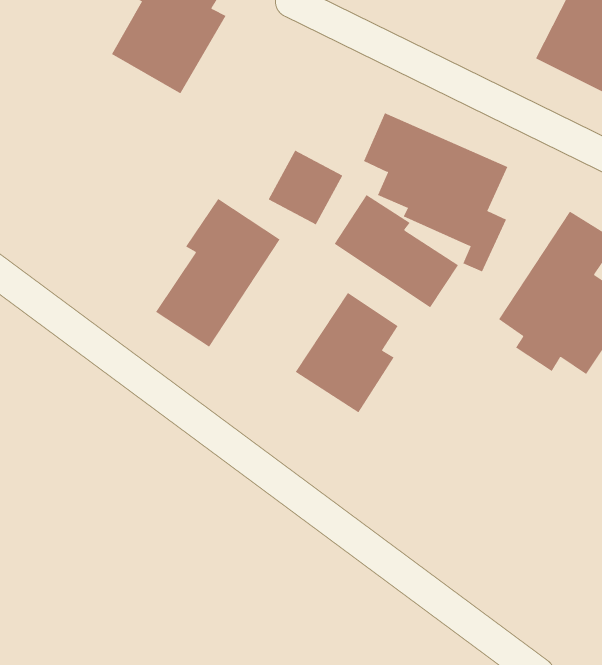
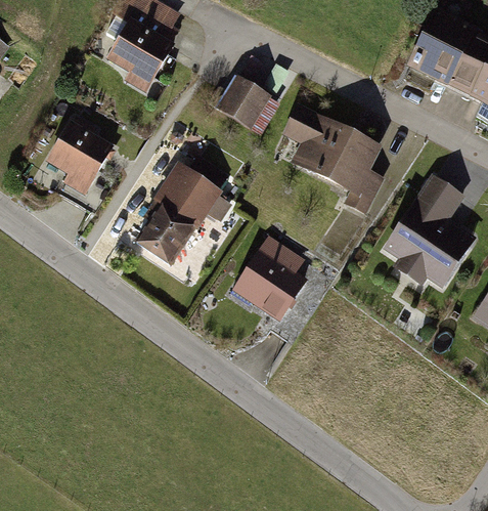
building: none -> [44,113,115,198]
building: [268,150,343,225] -> [216,76,270,130]
building: [334,194,459,308] -> none

